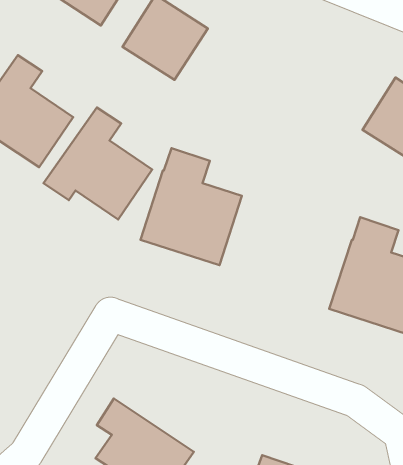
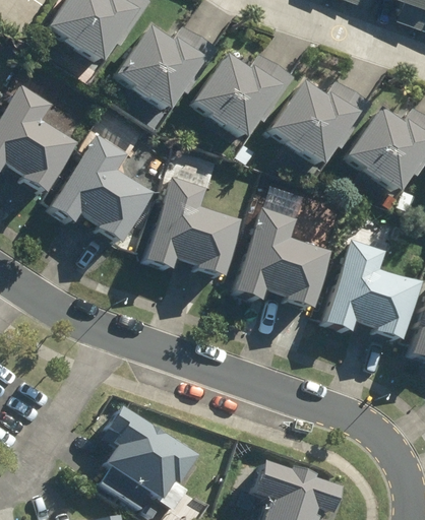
building: none -> [194,53,276,134]
building: none -> [276,78,357,158]
building: none -> [232,208,328,320]

